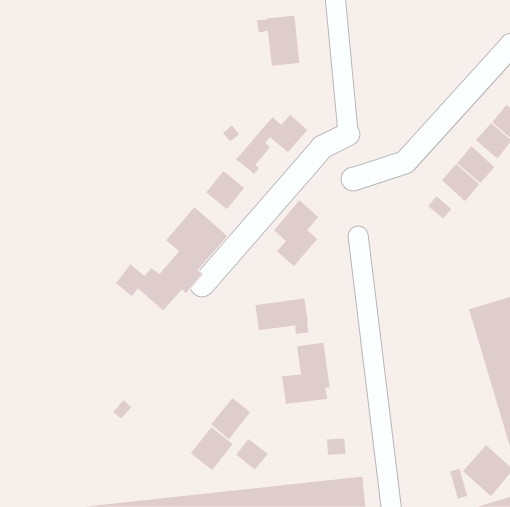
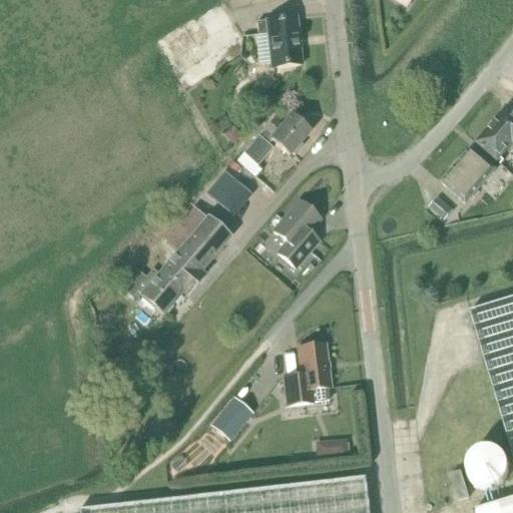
building: [255,298,309,335] -> none
building: [190,426,234,471] -> none
building: [235,438,269,471] -> none

